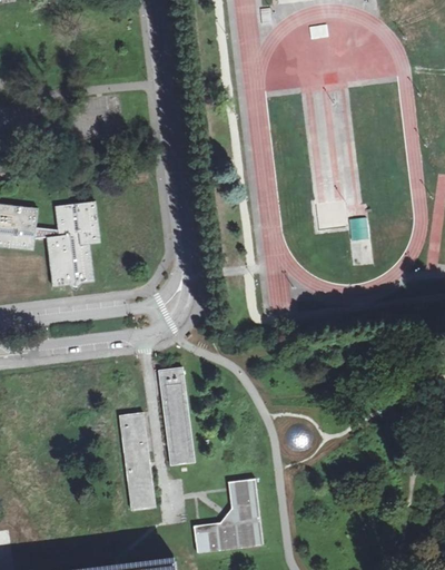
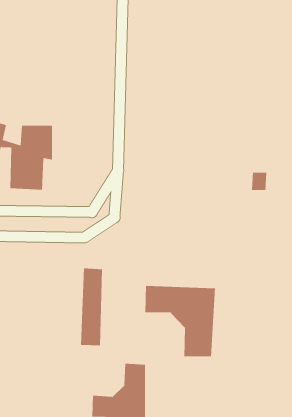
building: none -> [145,285,216,357]
building: [119,412,156,510] -> none

